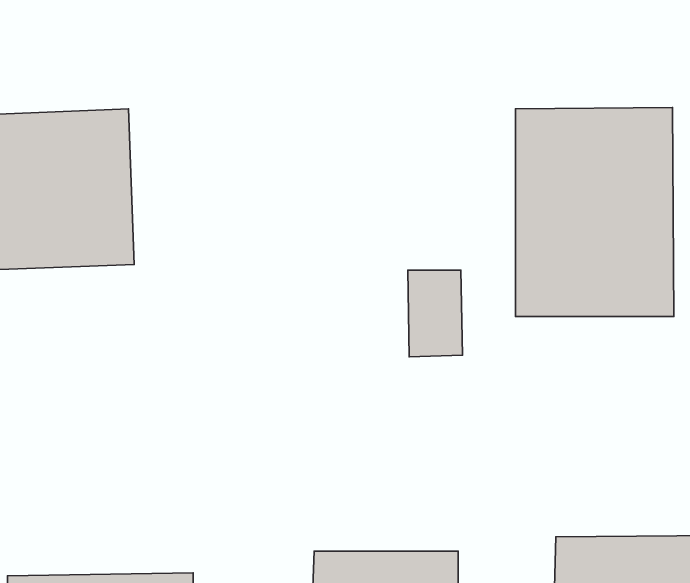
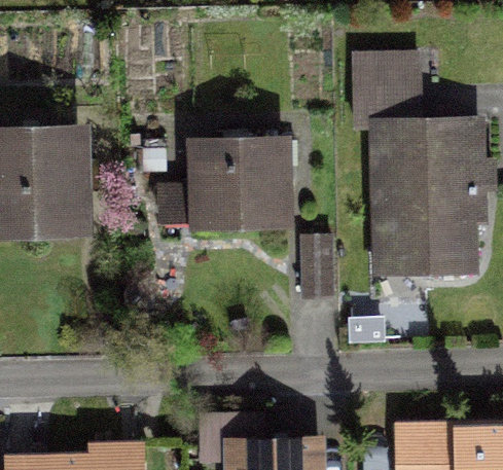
building: none -> [349,52,421,119]
building: none -> [193,137,293,231]

